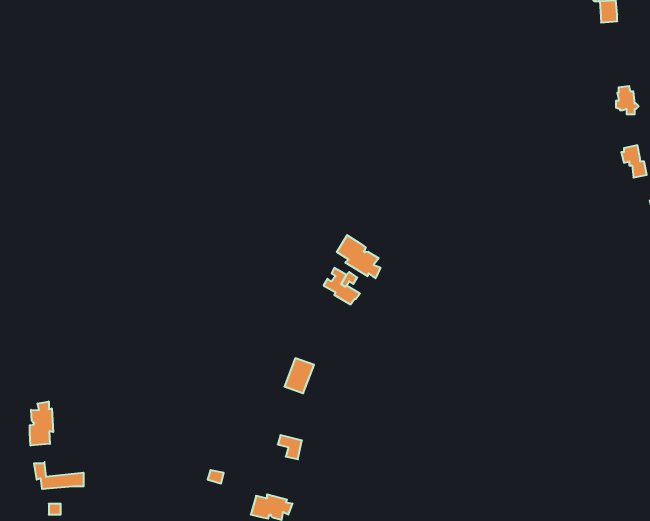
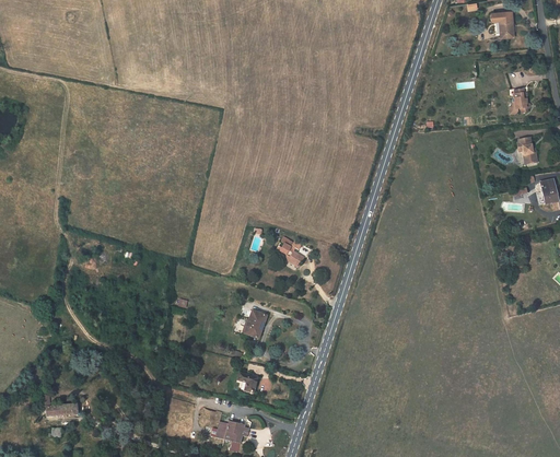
building: [337,235,380,278] -> none
building: [30,401,53,446] -> none

